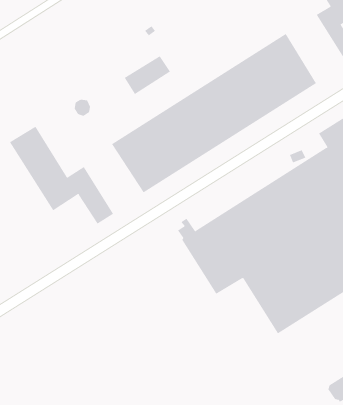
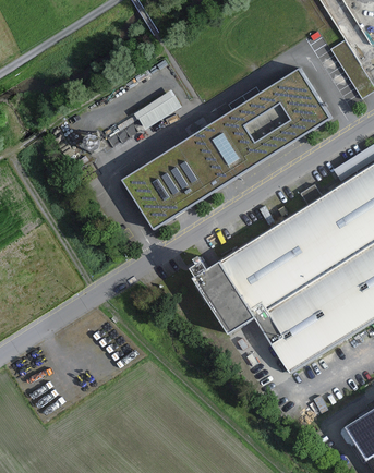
building: [9,126,114,225] -> none

